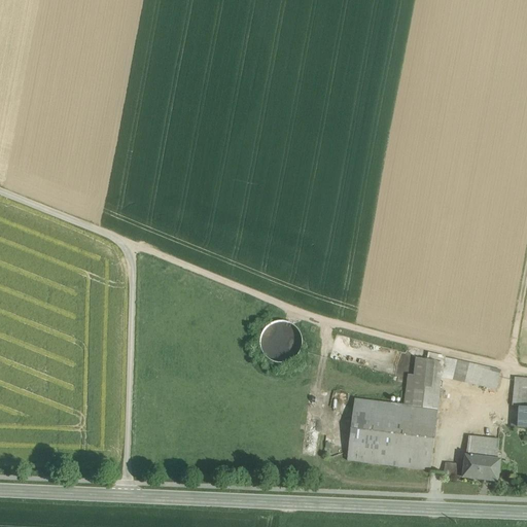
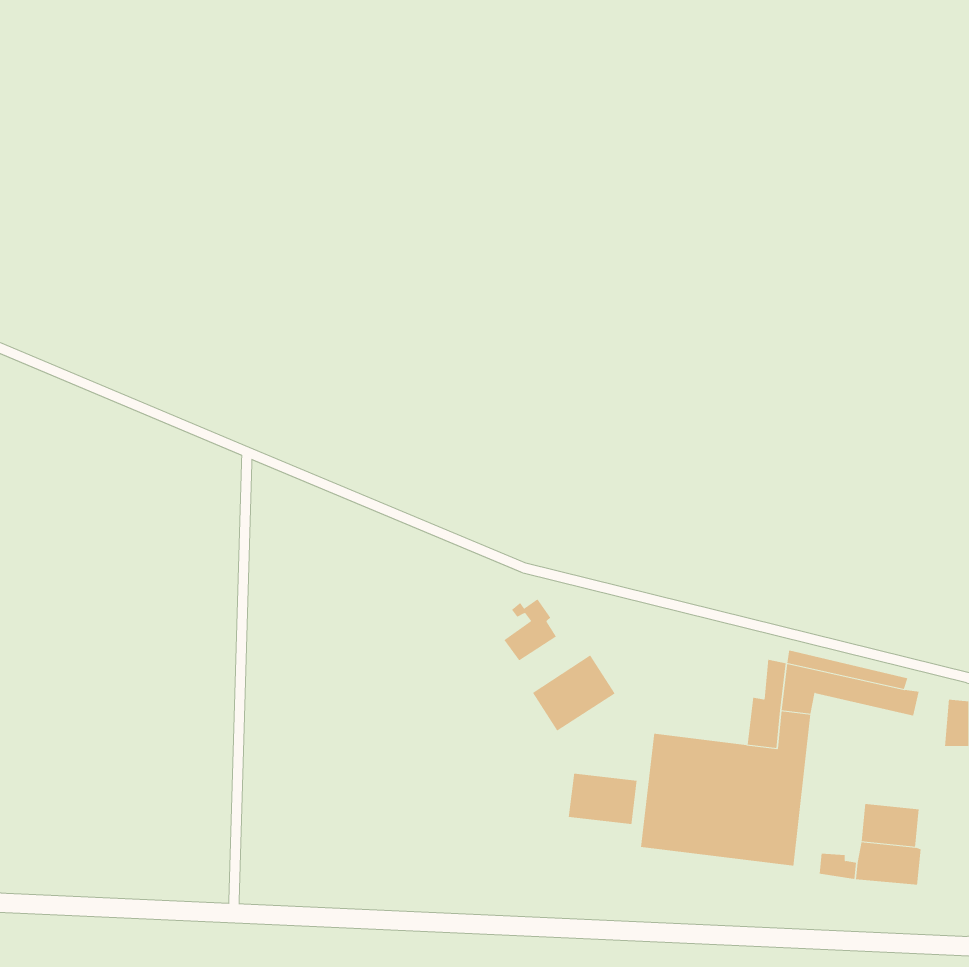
building: none -> [532,655,615,732]
building: none -> [568,773,637,825]

